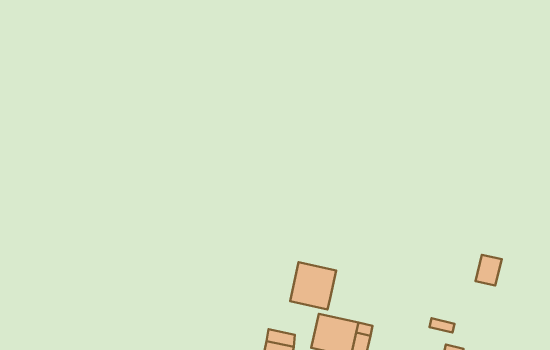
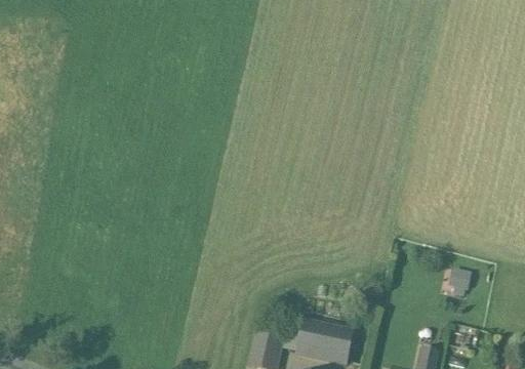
building: [290,262,336,309] -> none

